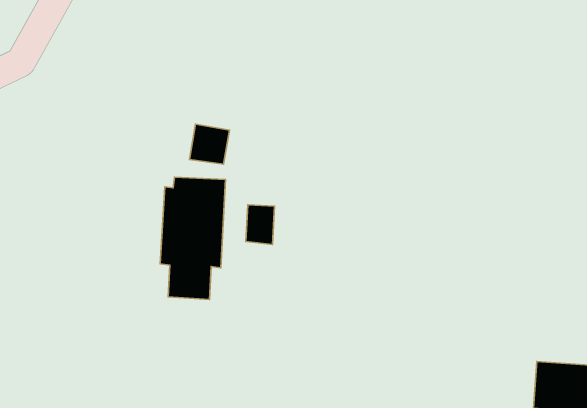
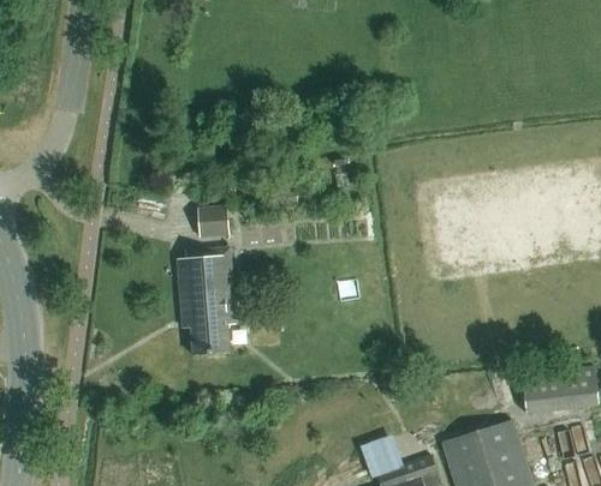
building: [246,205,274,244] -> none

